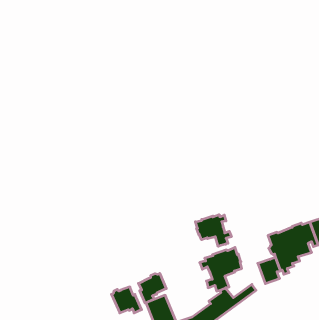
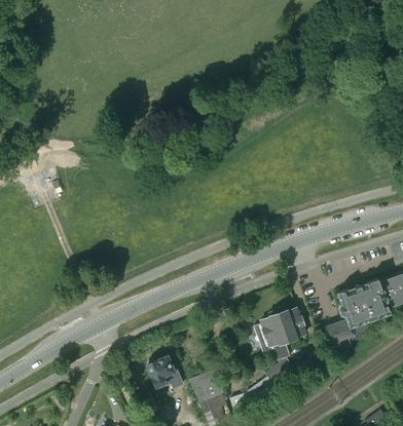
building: [195,215,231,246] -> none
building: [138,273,166,303] -> none

